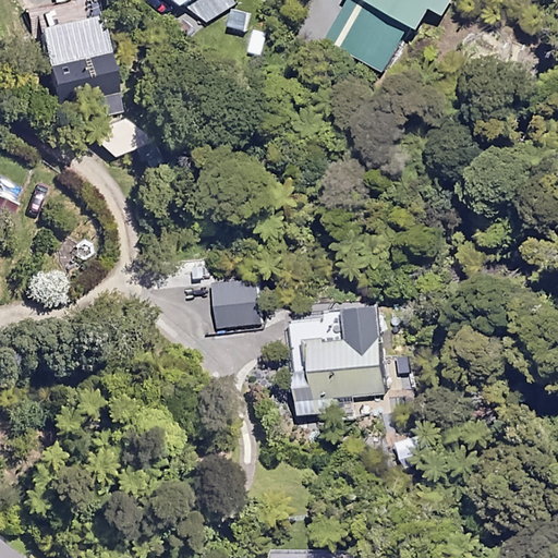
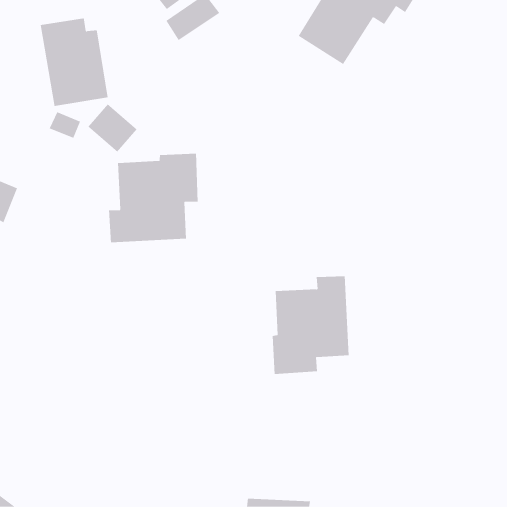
building: none -> [108,153,198,243]
building: [210,279,257,322] -> none

